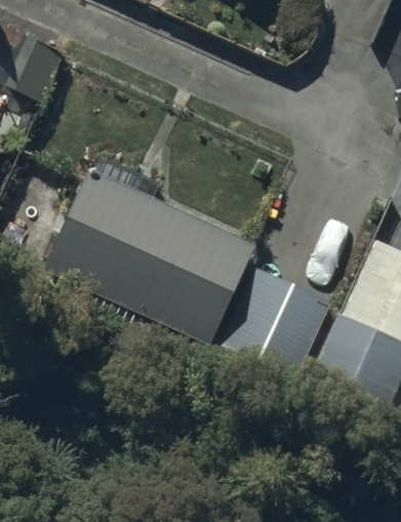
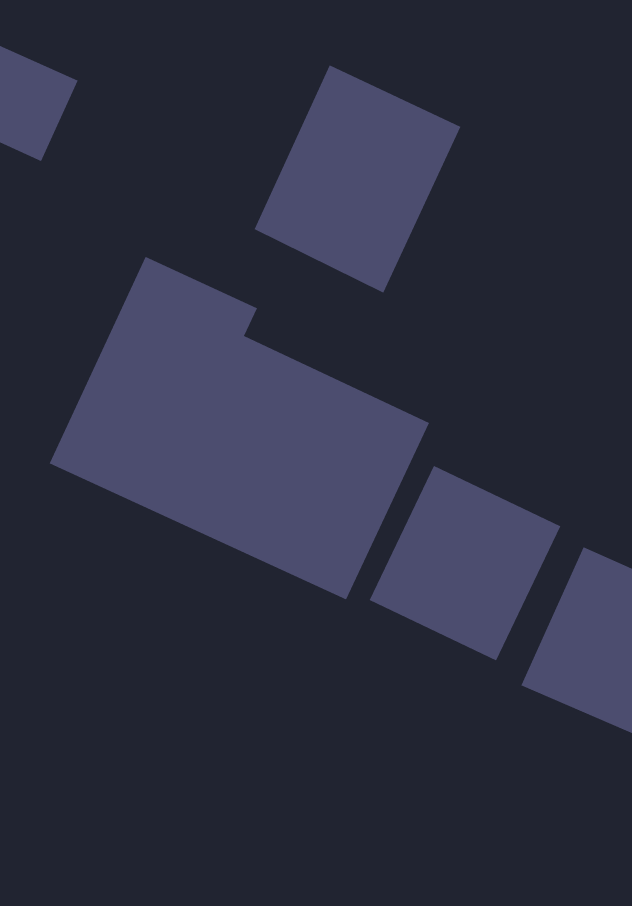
building: none -> [254,64,461,293]

